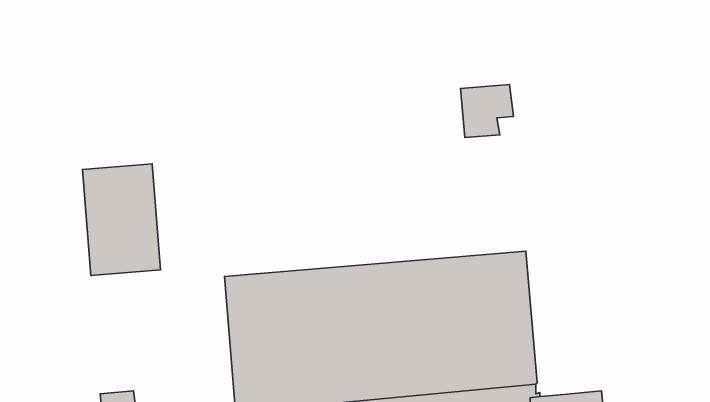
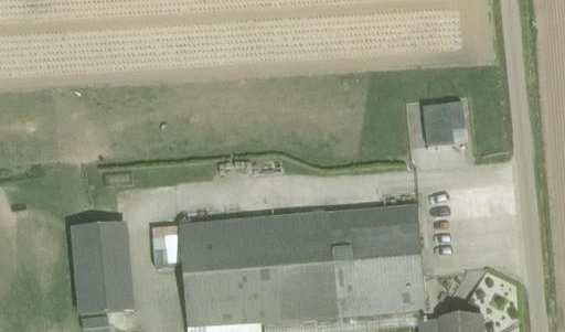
building: [461,84,514,138] -> [422,100,463,142]
building: [82,164,161,276] -> [72,225,134,313]

